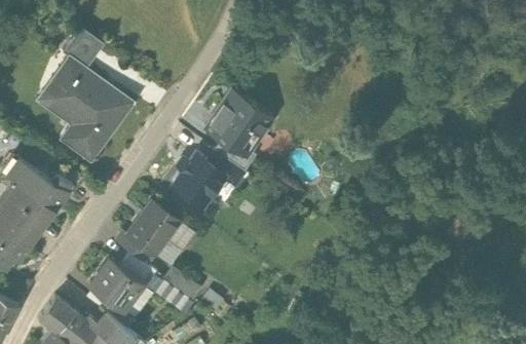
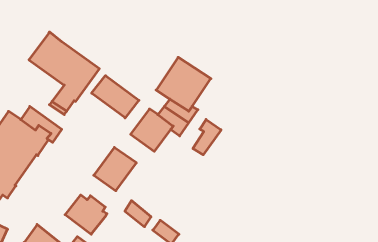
building: [62,29,103,70] -> none
building: none -> [92,76,139,118]
building: none -> [193,119,221,155]
building: [121,253,158,292] -> none

